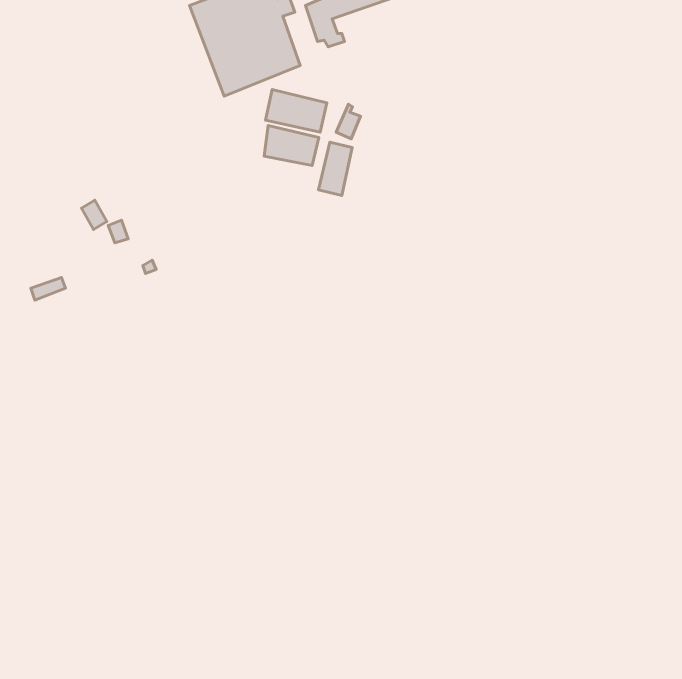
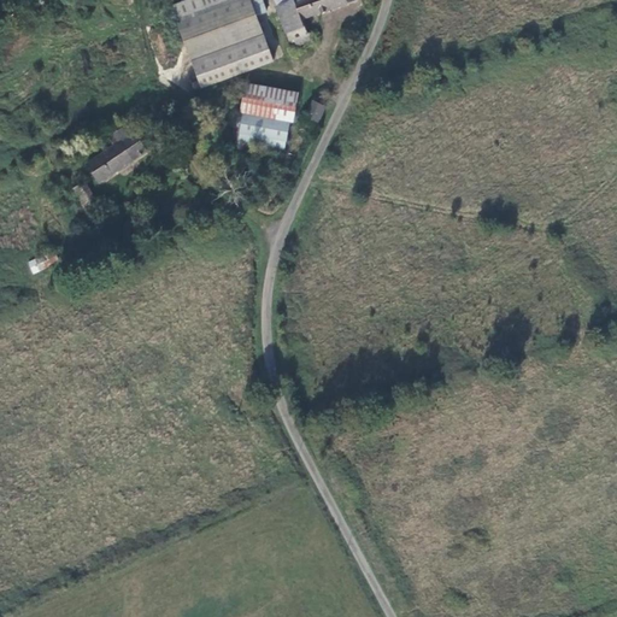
building: none -> [86,123,157,182]
building: [318,142,352,196] -> none

